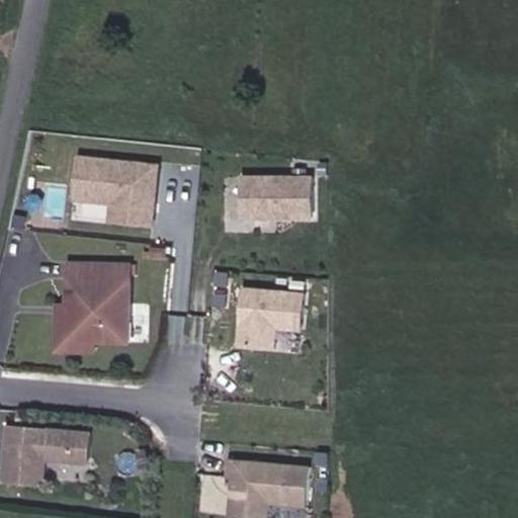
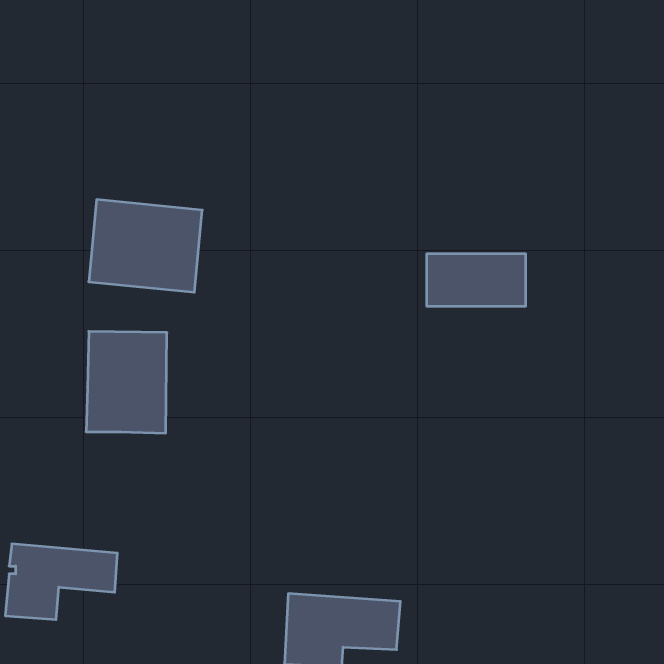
building: [236,178,313,219] -> [427,254,526,306]
building: [235,289,300,351] -> none
building: [56,303,93,348] -> none

